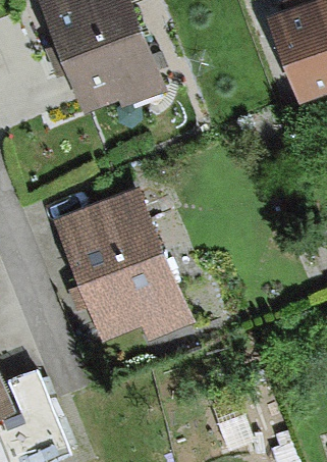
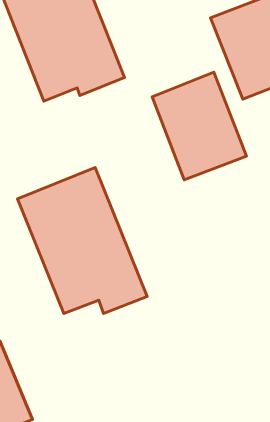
building: none -> [152,72,246,180]

